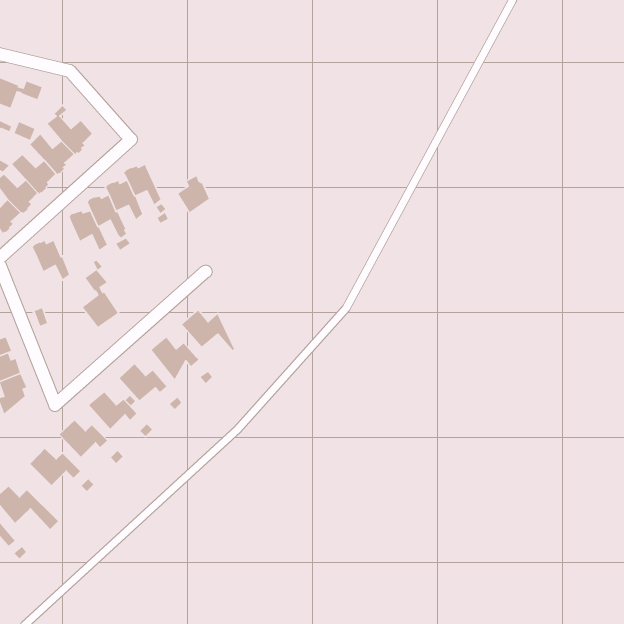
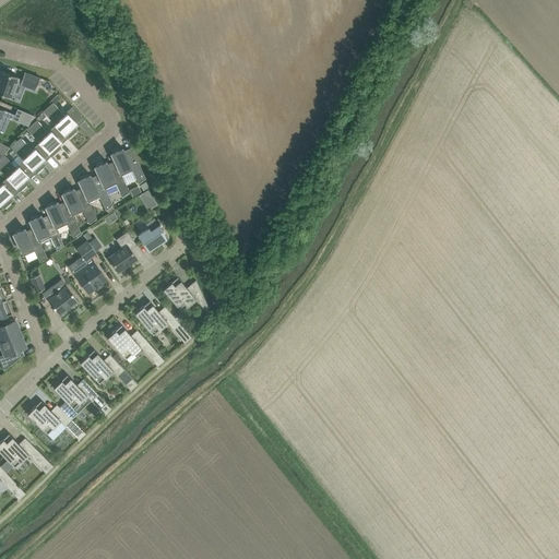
building: [177,175,210,213] -> [136,218,166,252]
building: none -> [45,202,80,238]
building: none -> [12,228,46,263]
building: none -> [107,231,136,273]
building: none -> [44,282,76,316]

